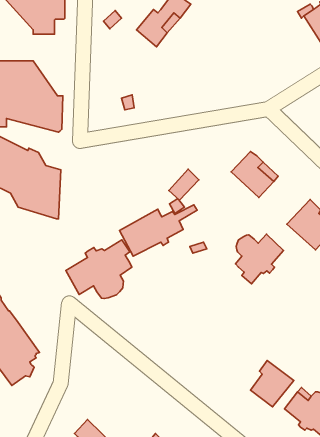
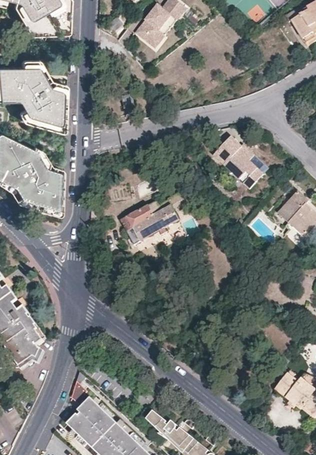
building: [169,169,199,200] -> [213,137,241,166]
building: [235,234,284,284] -> none
building: [66,240,132,298] -> none
building: [251,360,294,407] -> none

